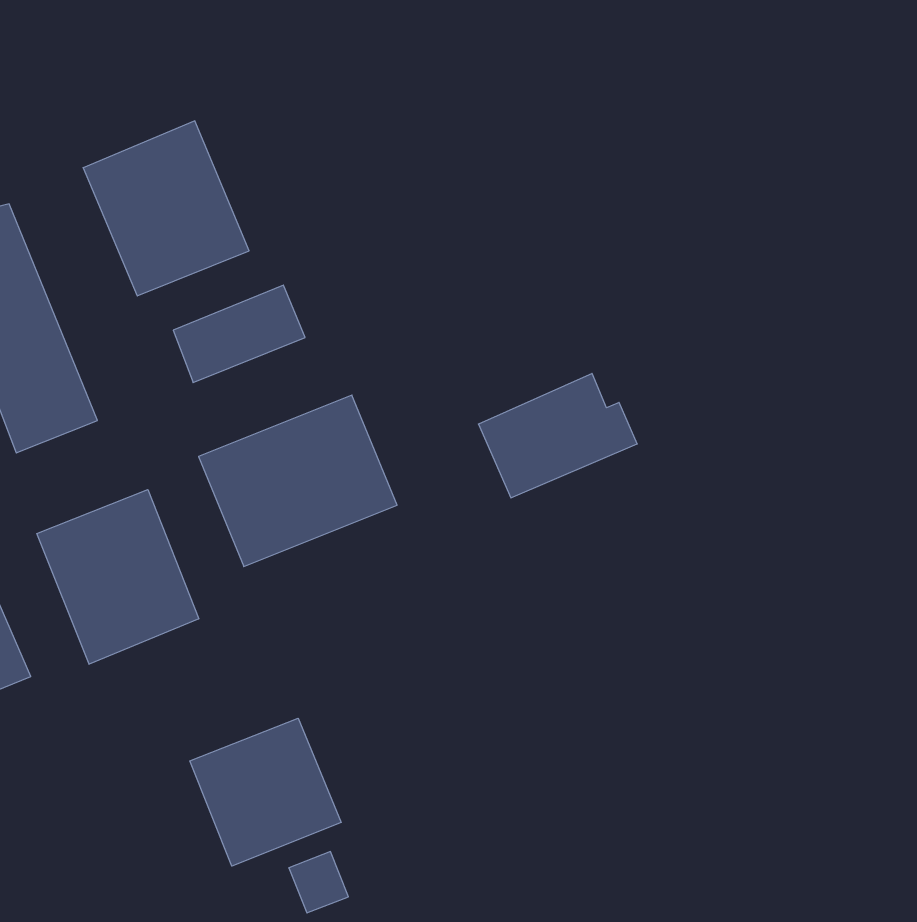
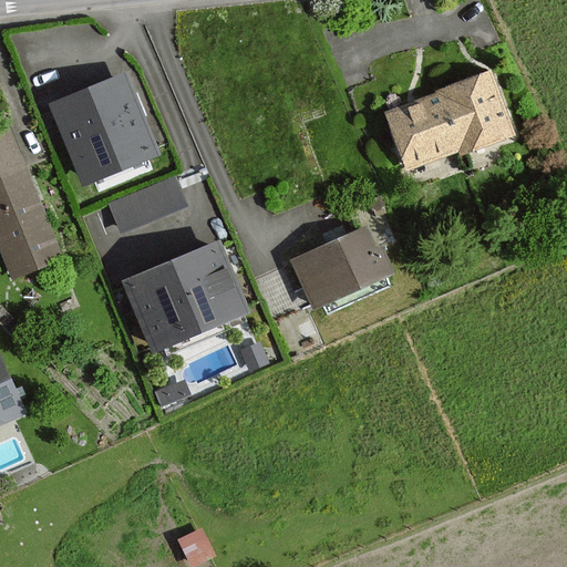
building: none -> [389,70,513,166]
building: [37,490,199,664] -> none
building: [190,718,341,866] -> none

